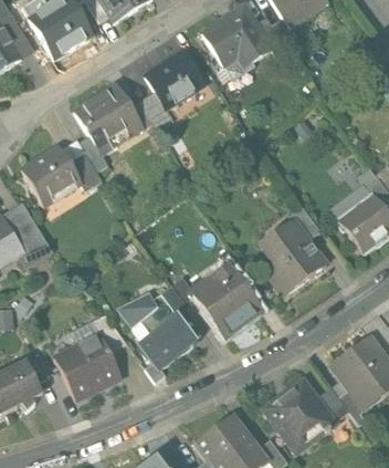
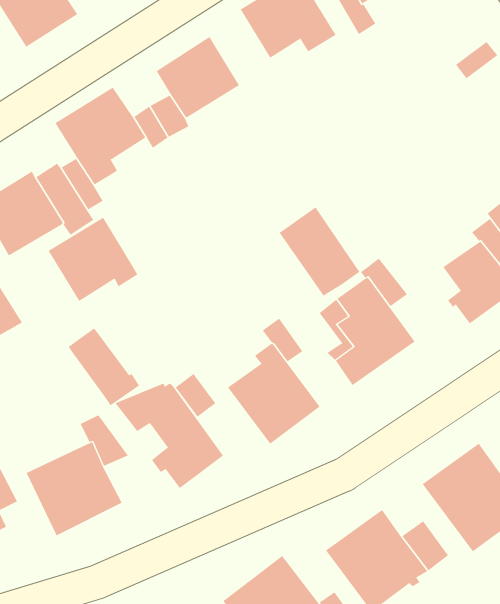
building: none -> [279,207,360,297]
building: none -> [48,217,138,302]
building: none -> [68,327,140,406]

